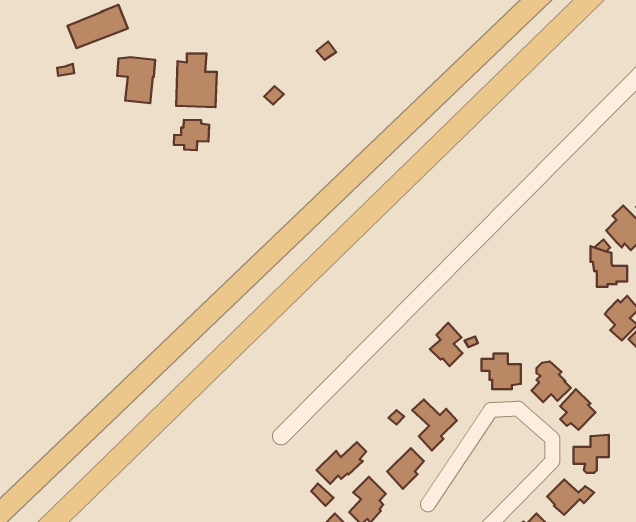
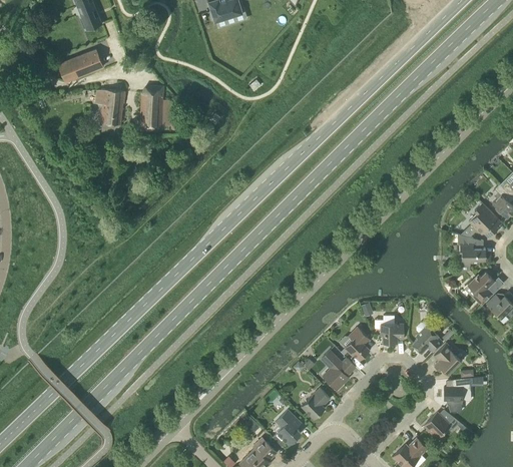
building: [174,120,209,150] -> none
building: [430,323,463,366] -> [344,327,369,360]
building: [317,442,366,484] -> none

